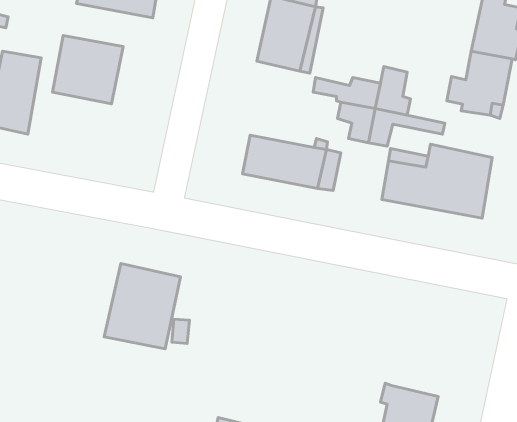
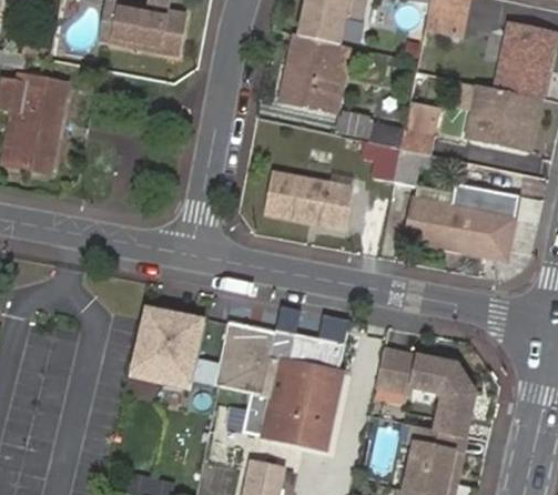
building: [53,36,123,104] -> none
building: none -> [215,319,344,449]
building: none -> [376,350,471,436]

